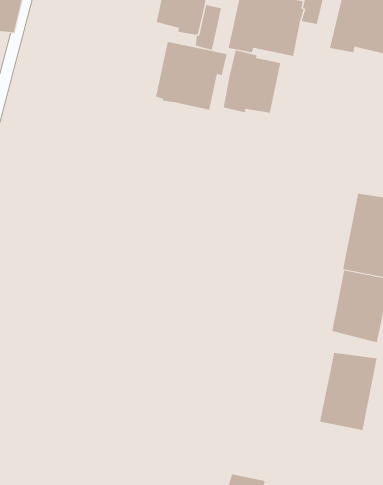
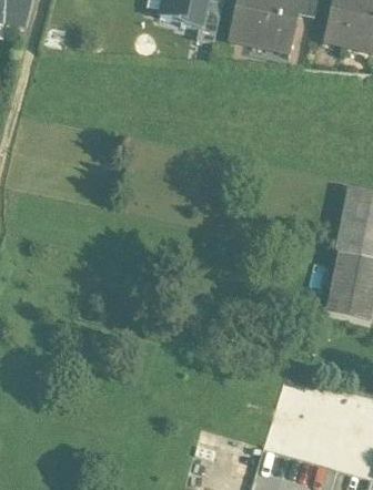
building: [156,41,227,111] -> none
building: [223,50,281,113] -> none
building: [319,352,377,431] -> none

